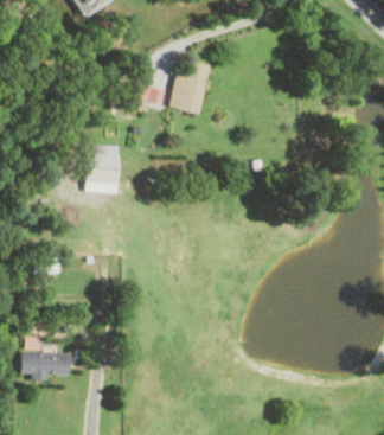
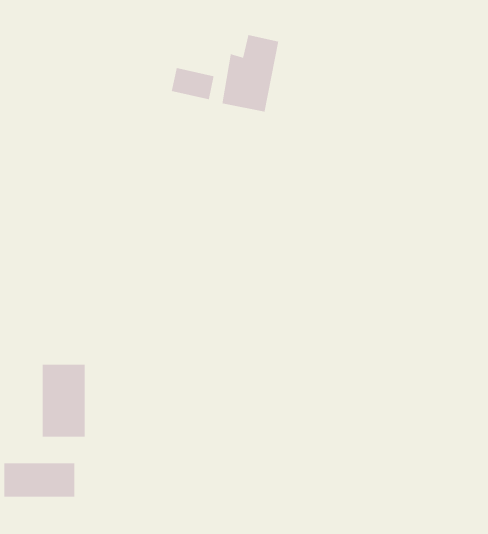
building: [87,145,119,193] -> none
building: none -> [42,364,85,437]

